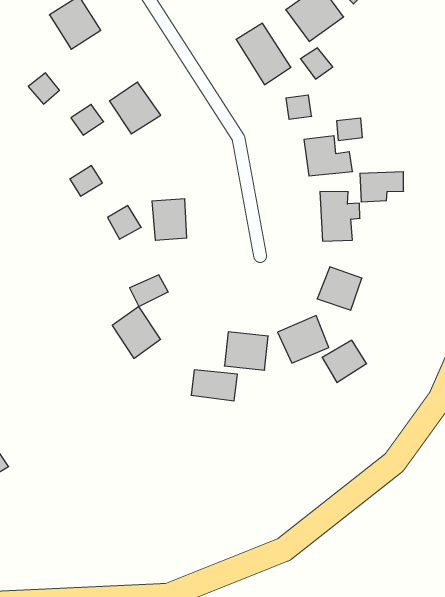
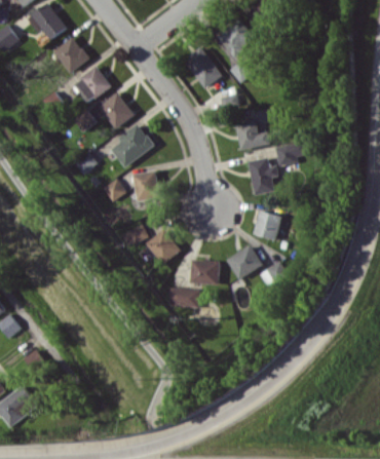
building: none -> [74,66,111,102]
building: none -> [111,123,154,166]
building: [112,306,161,358] -> [146,228,180,264]

